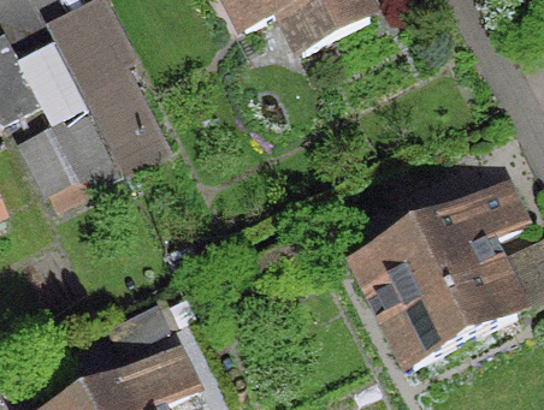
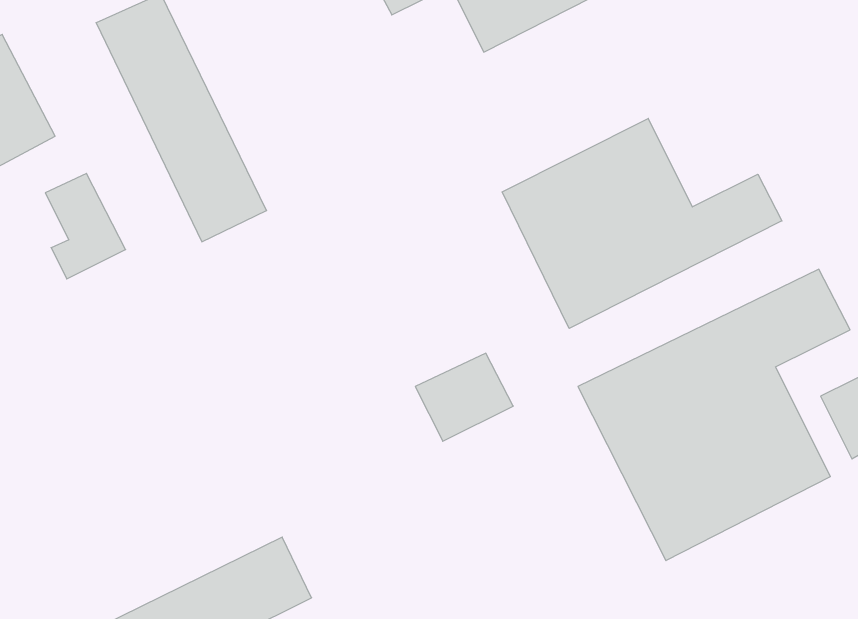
building: none -> [502,118,782,328]

